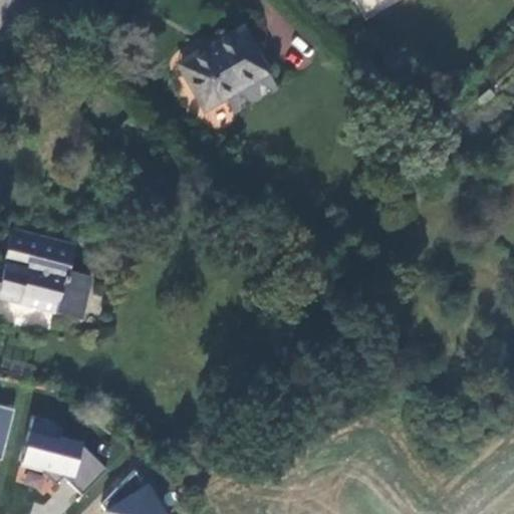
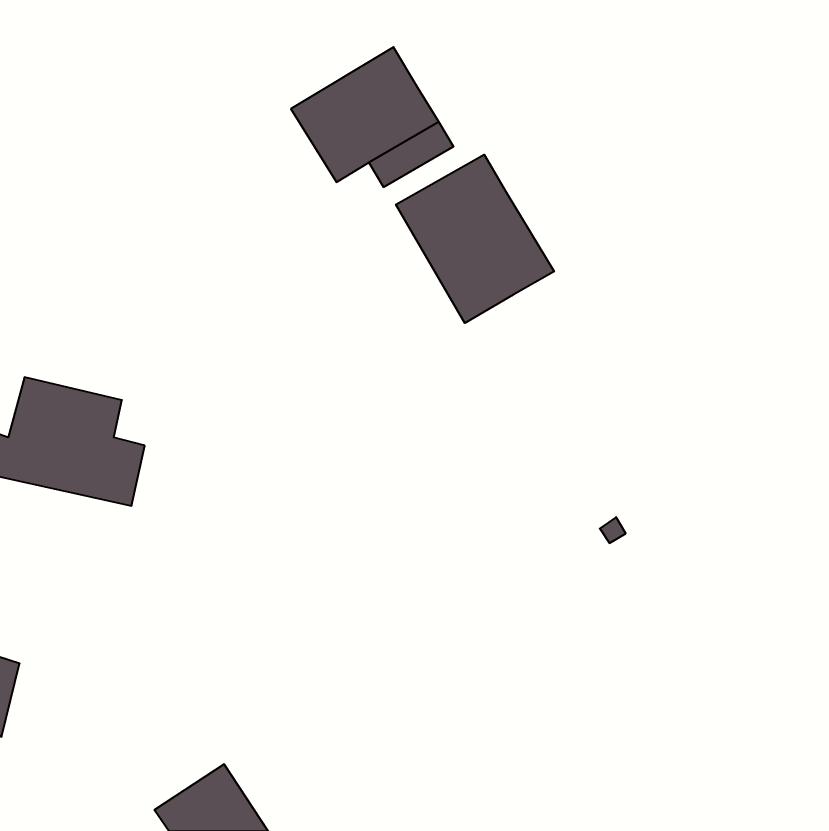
building: none -> [396,155,554,323]
building: [21,433,99,481] -> none

